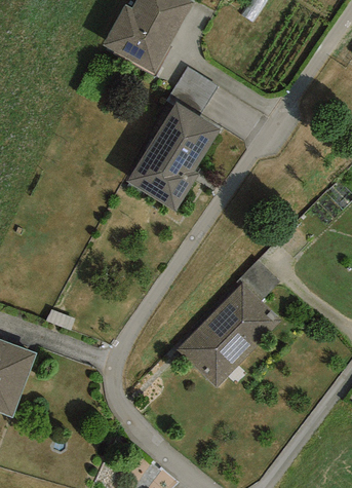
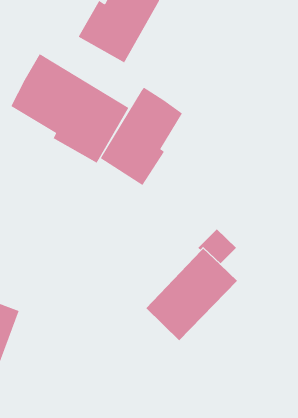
building: none -> [11,54,129,164]
building: [166,68,217,115] -> none

